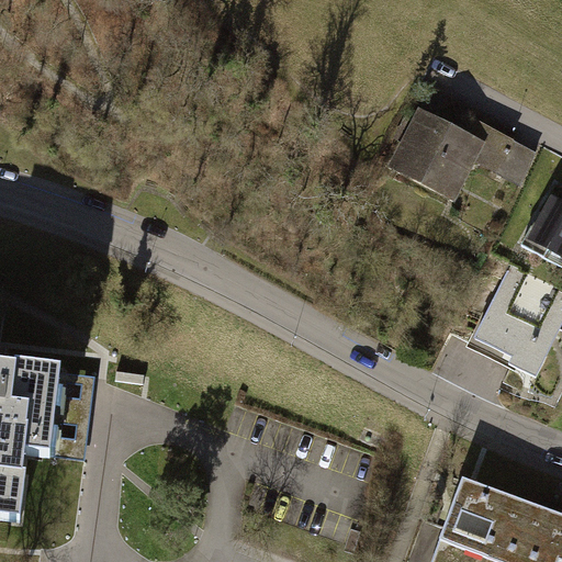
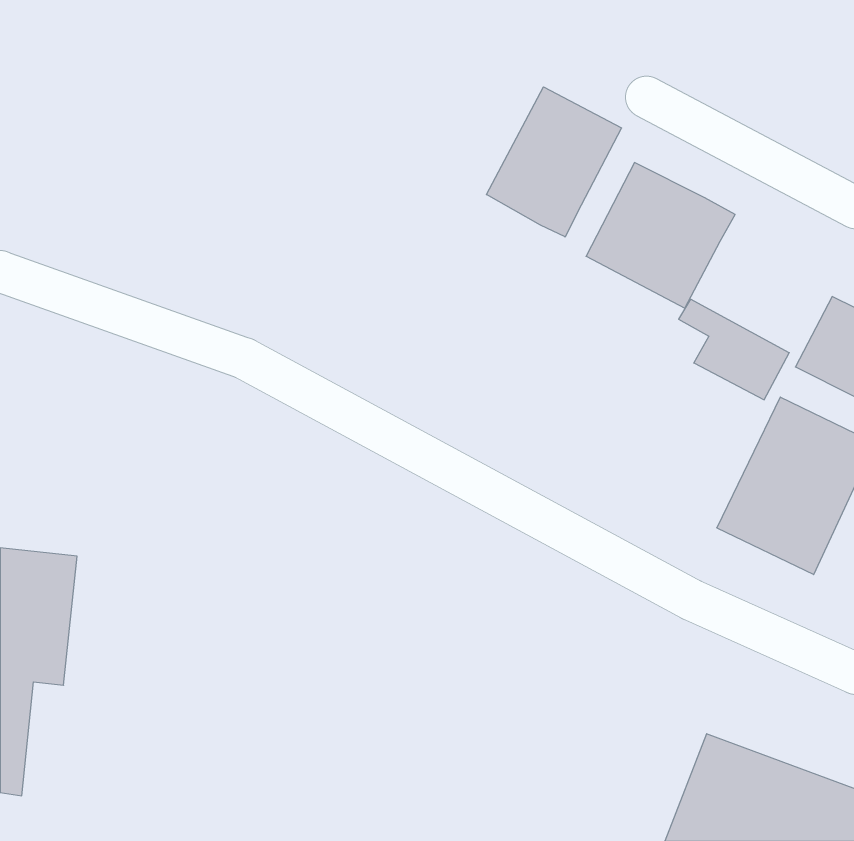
building: none -> [486,87,622,237]
building: [463,116,536,182] -> [679,299,789,400]

